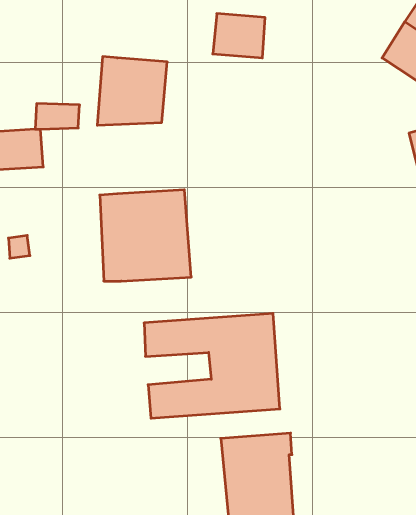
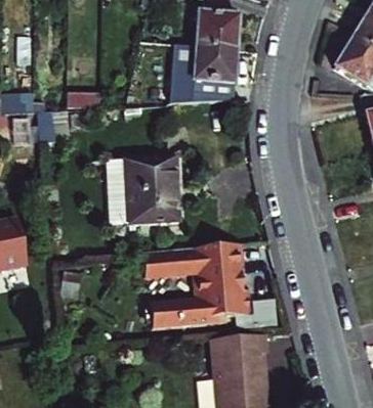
building: [97,57,167,125] -> [184,47,238,99]

